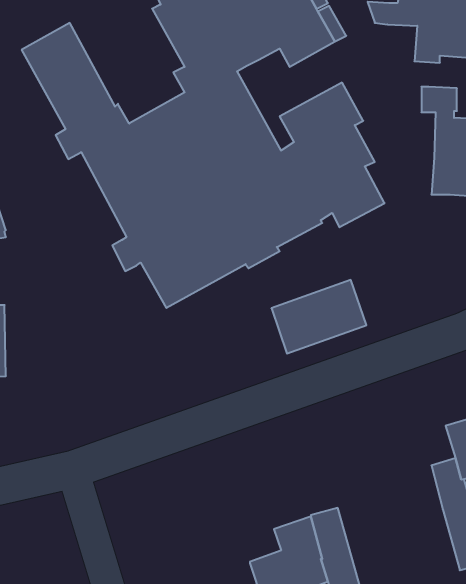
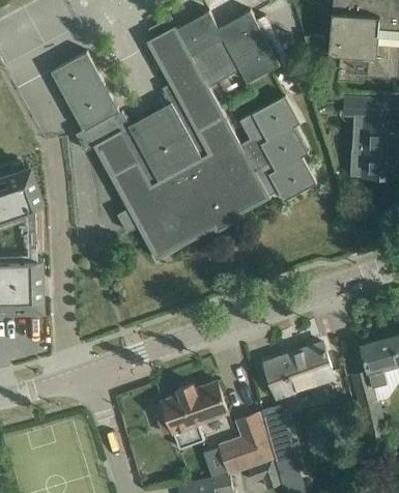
building: [271,280,366,354] -> [264,343,334,397]
building: none -> [153,381,228,450]

